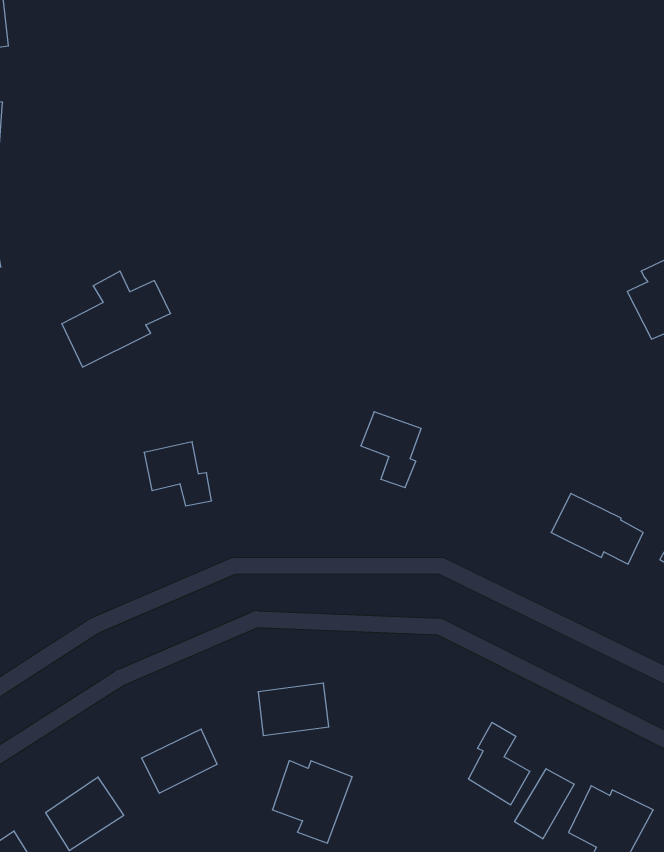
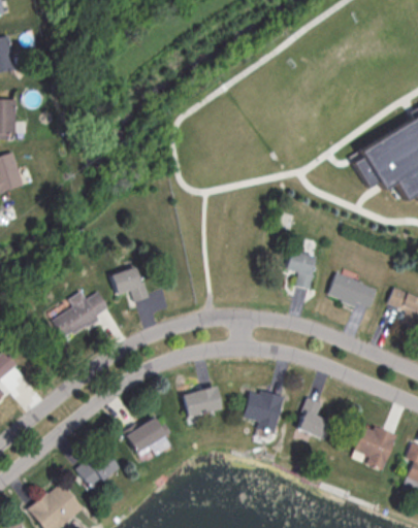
building: [62,271,171,367] -> [52,289,108,341]
building: [361,412,421,488] -> [284,251,315,289]
building: [272,761,352,843] -> [244,391,284,433]
building: [515,769,574,839] -> none

